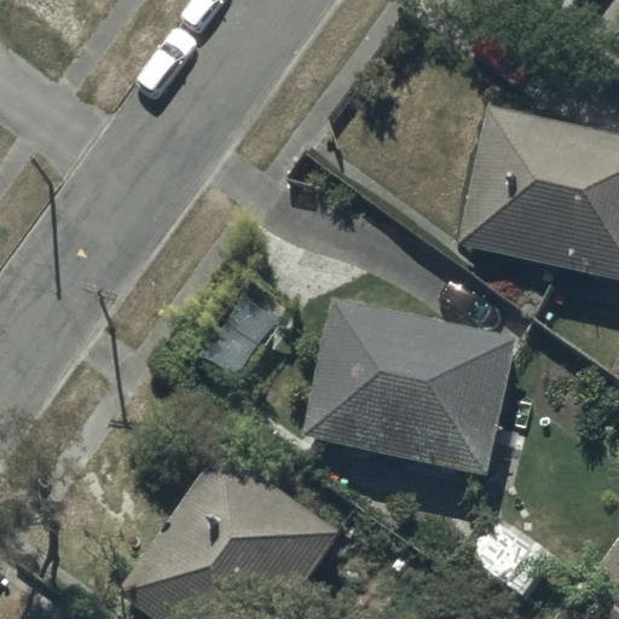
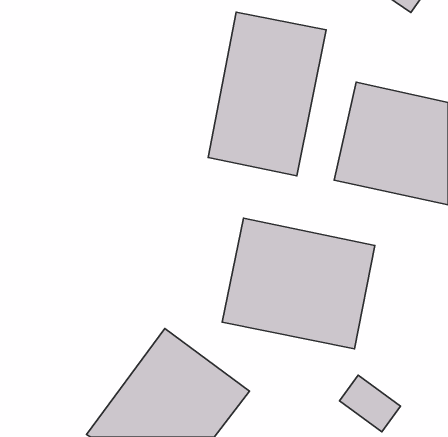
building: none -> [208,12,326,176]

